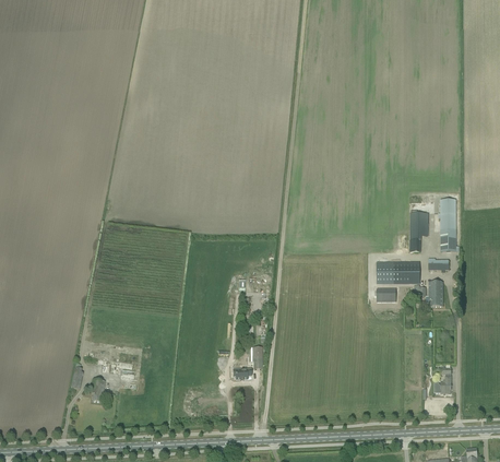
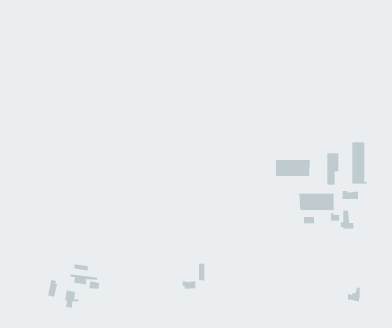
building: none -> [275,159,311,177]

